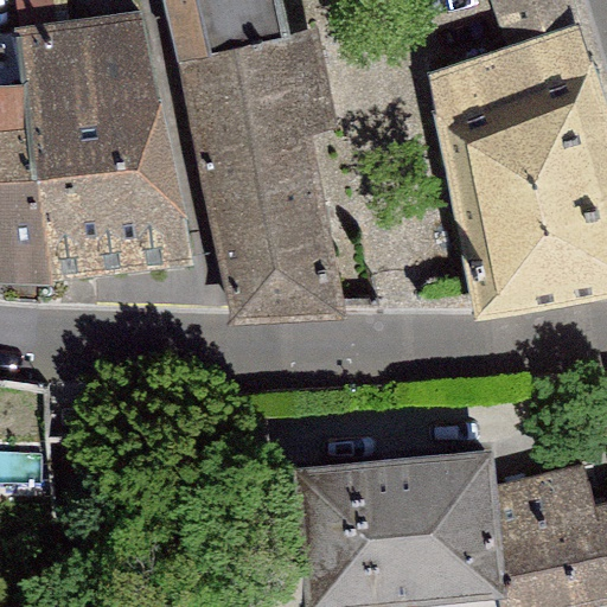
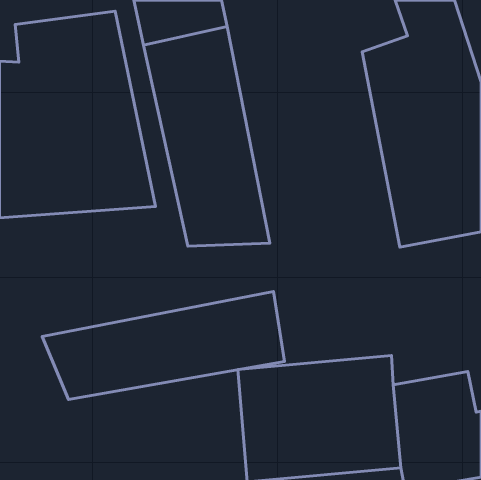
building: none -> [42,291,284,400]

